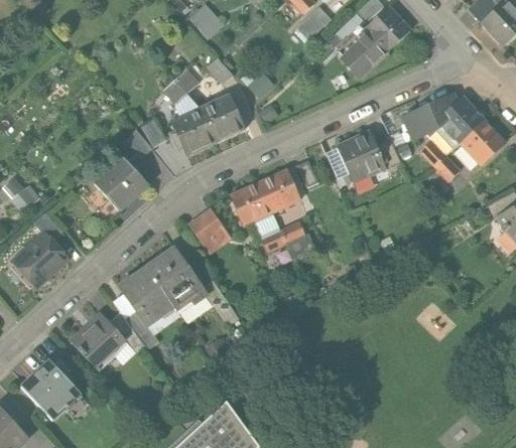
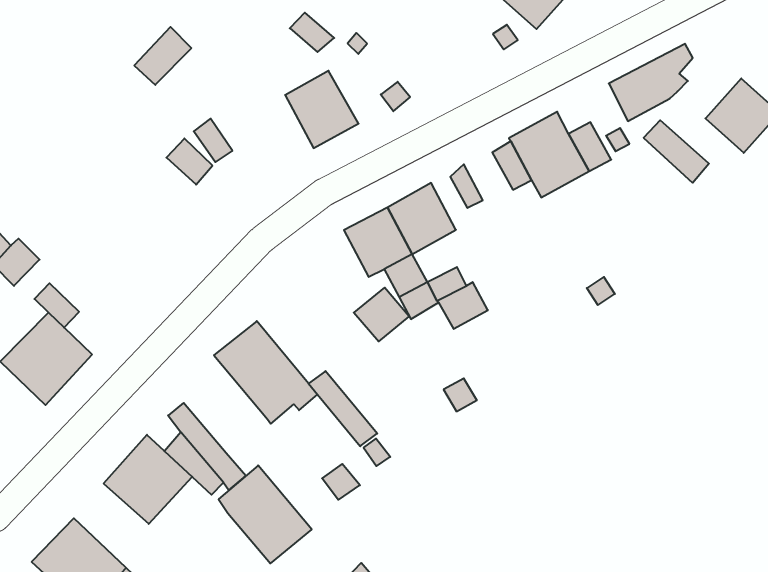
building: [162,68,199,104] -> [134,27,191,85]
building: [443,97,484,142] -> none
building: [168,108,215,155] -> none
building: [92,155,148,211] -> none
building: [188,209,223,243] -> [354,288,409,341]
building: [117,266,173,327] -> [219,465,312,563]

